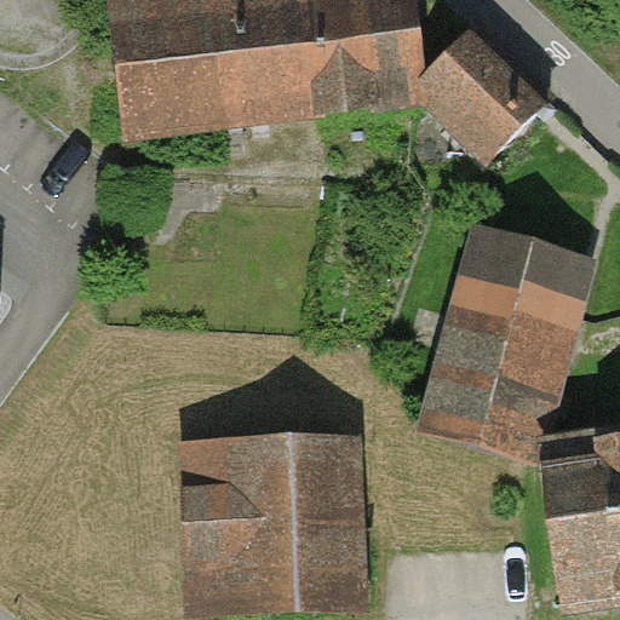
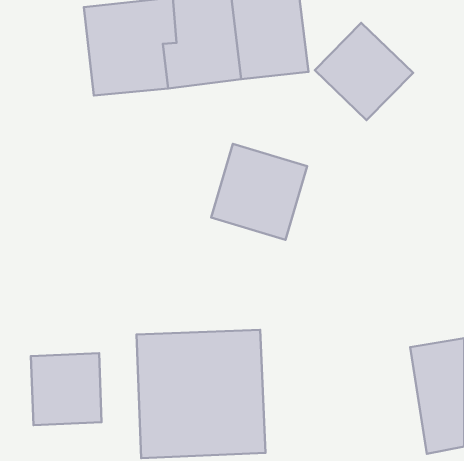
building: none -> [211,144,307,240]
building: [424,230,584,460] -> none
building: none -> [31,353,102,425]

